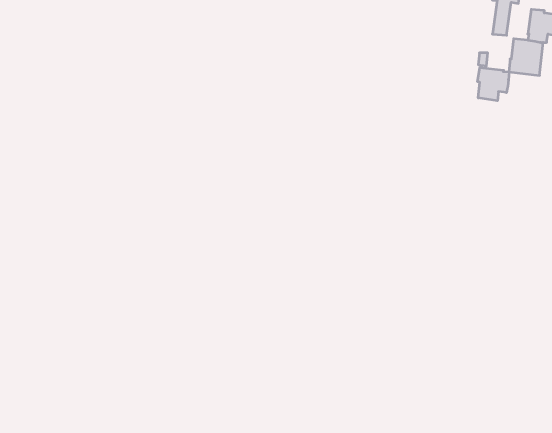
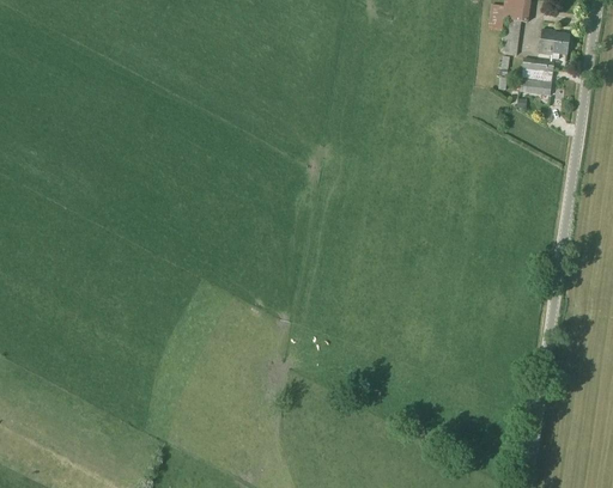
building: [478,68,509,101] -> none

